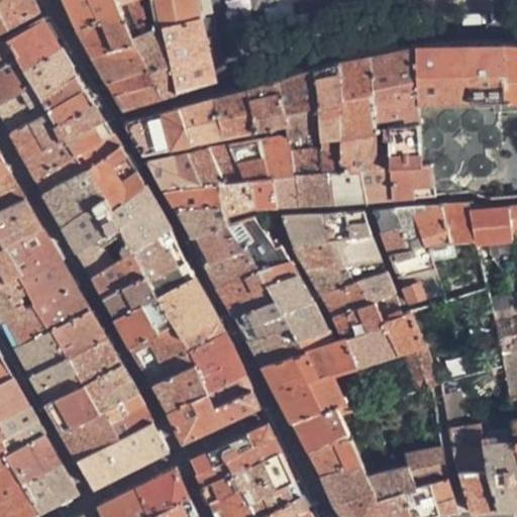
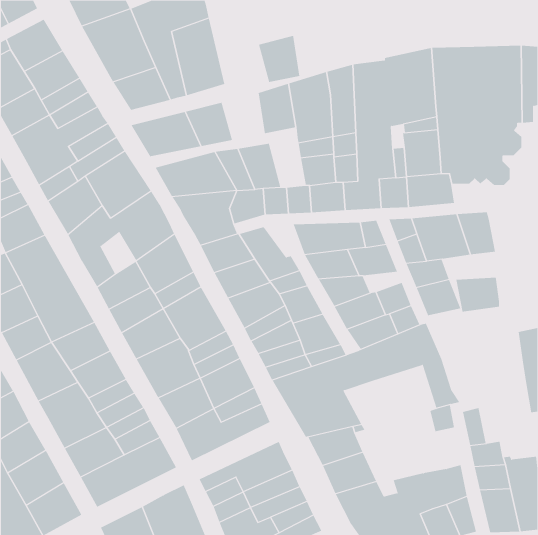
building: [213,92,253,137] -> [258,35,300,82]
building: [258,135,293,183] -> none
building: [470,211,512,244] -> [456,277,500,312]

